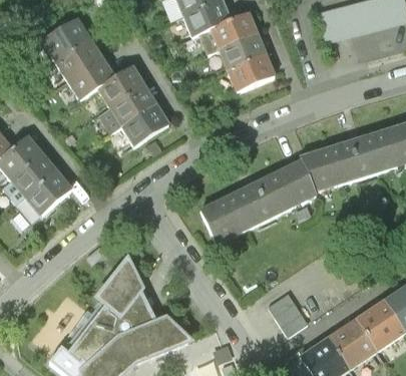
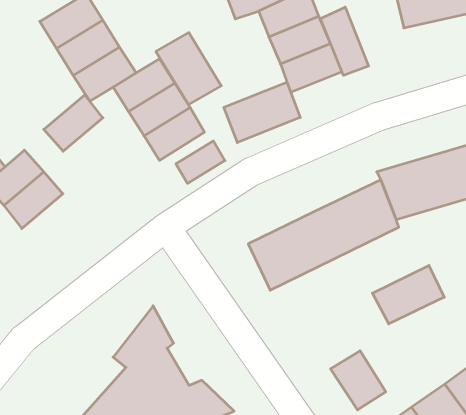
building: none -> [321,7,369,75]
building: none -> [156,33,221,105]
building: none -> [224,82,300,143]
building: none -> [176,141,225,183]
building: [25,170,71,215] -> [44,95,103,151]
building: none -> [372,265,444,324]

